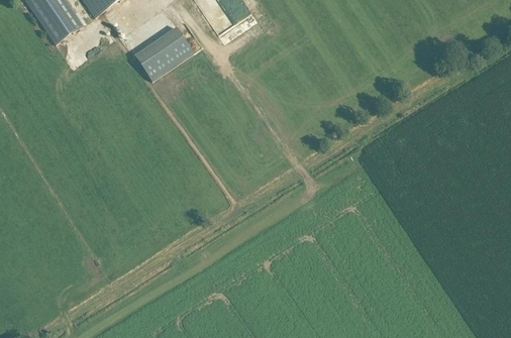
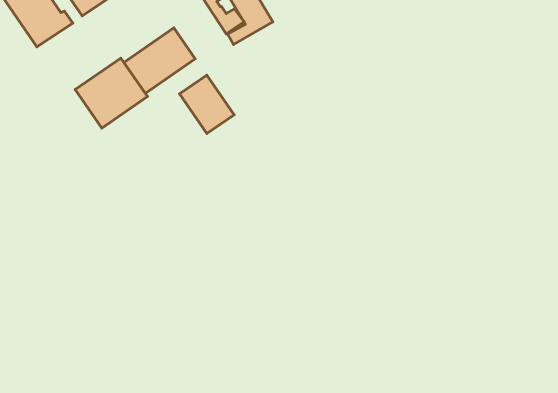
building: none -> [75,58,147,128]
building: none -> [179,75,234,134]

